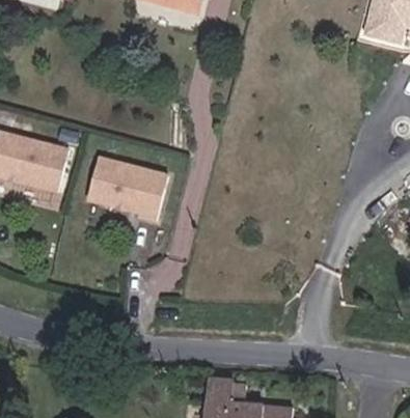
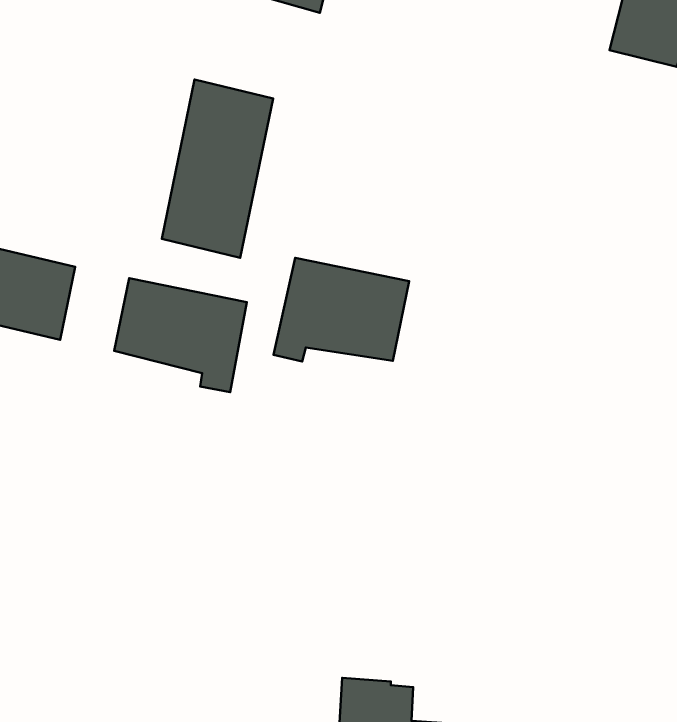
building: none -> [162,79,273,258]
building: none -> [274,258,409,362]

